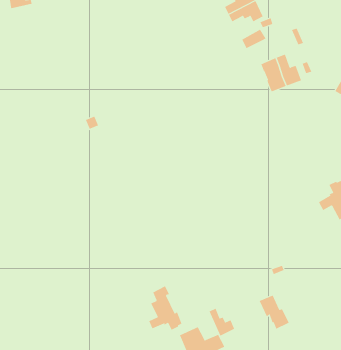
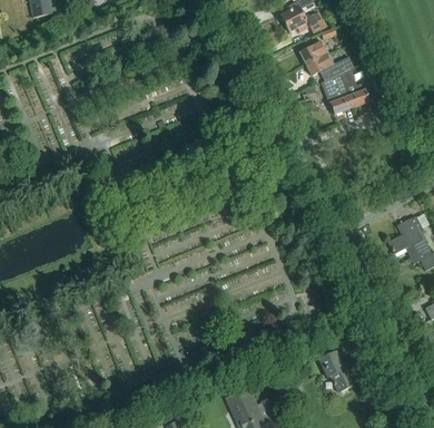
building: none -> [305,51,354,80]
building: [148,286,182,331] -> none
building: [209,308,235,337] -> none

